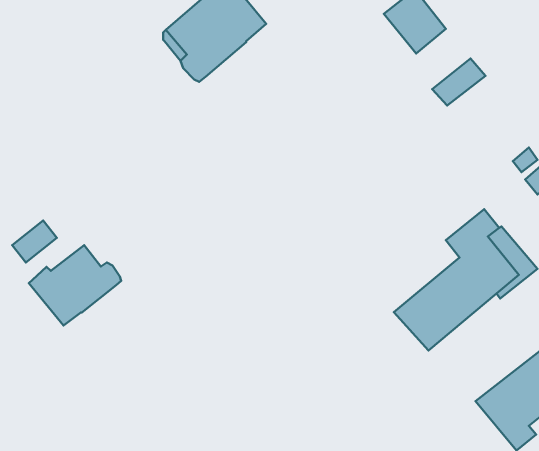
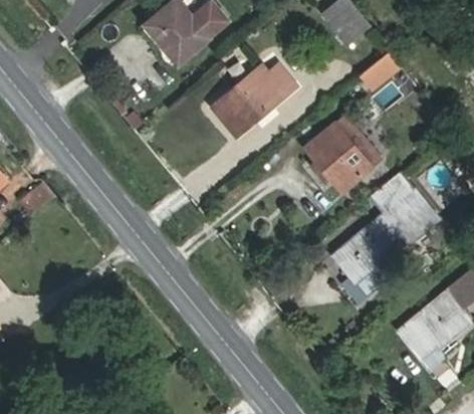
building: none -> [213,66,296,137]
building: none -> [306,118,381,192]
building: [29,245,121,326] -> none

